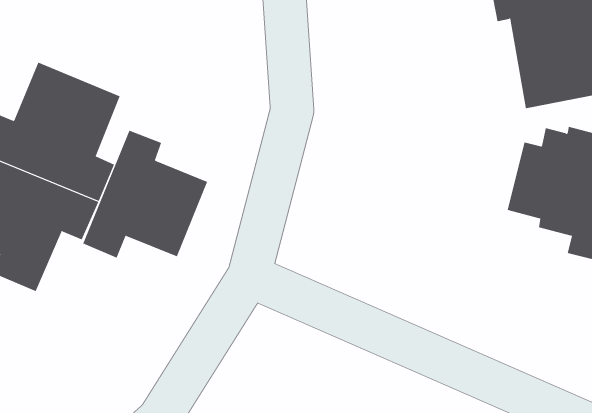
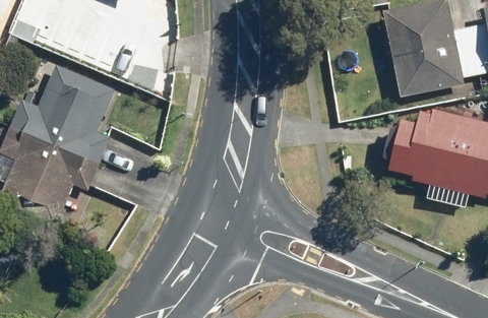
building: [83,130,208,258] -> none

